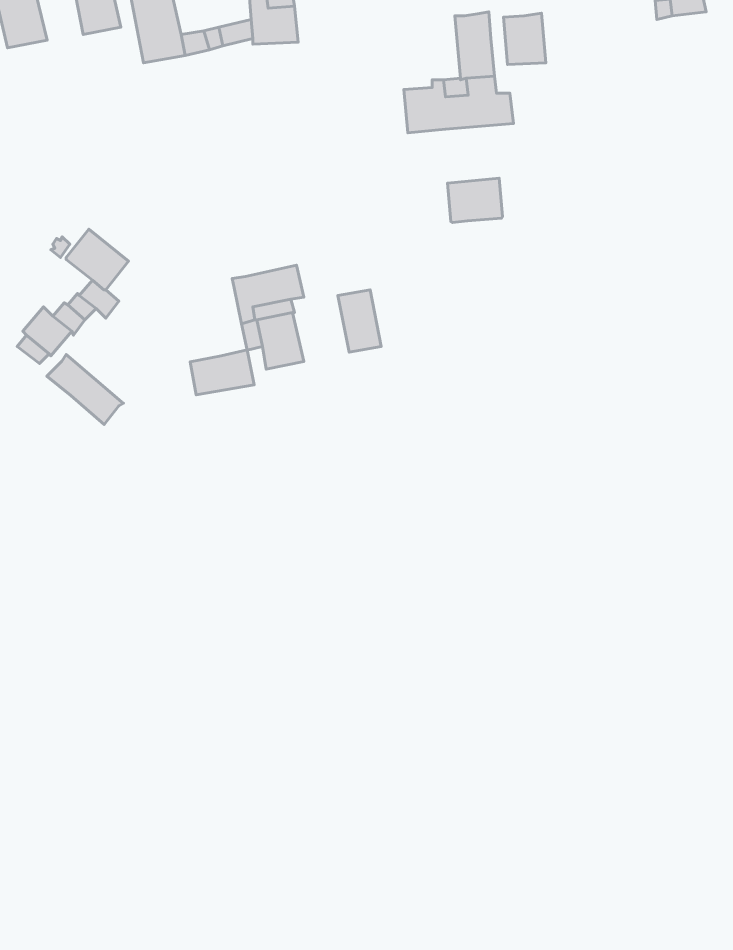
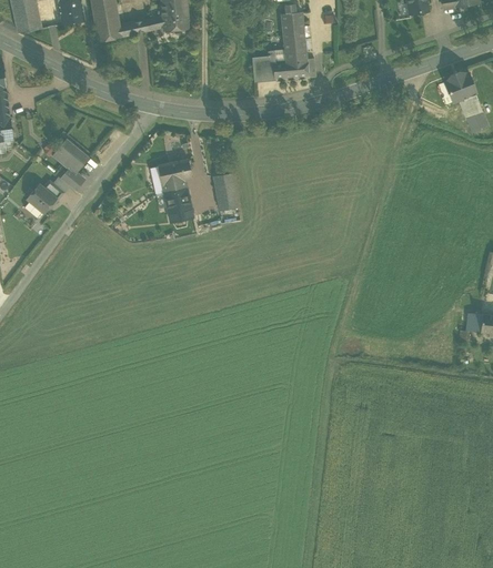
building: [504,13,546,64] -> none
building: [447,178,503,223] -> none
building: [190,350,254,395] -> none
building: [47,355,123,424] -> none

